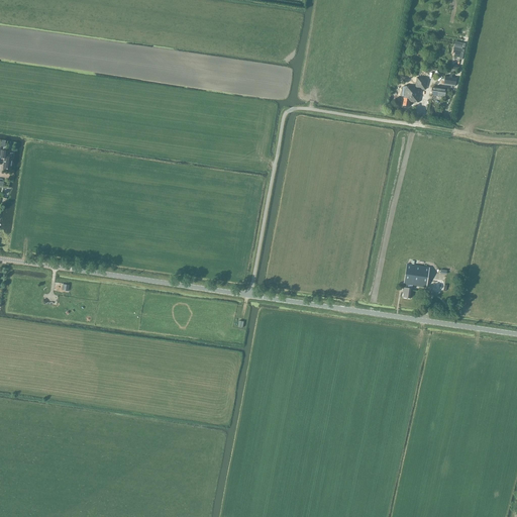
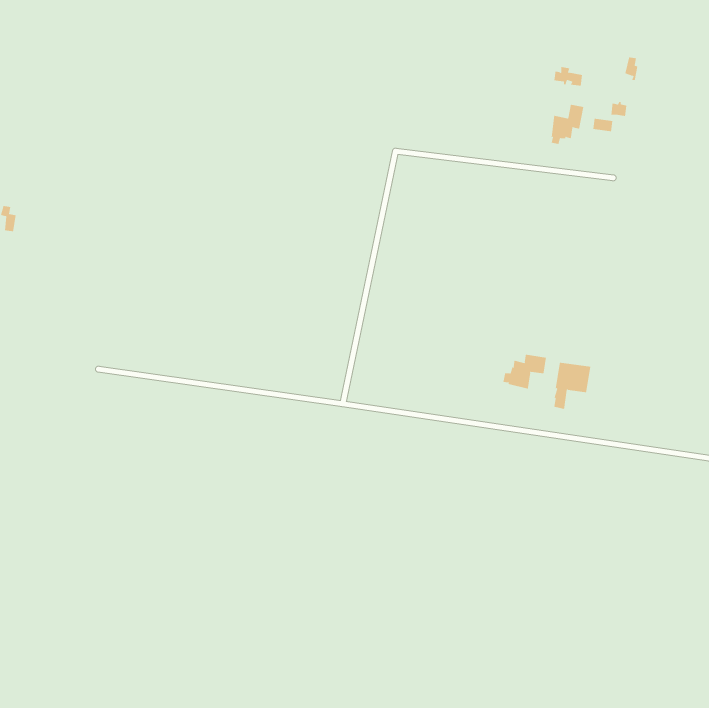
building: none -> [503,354,546,390]

